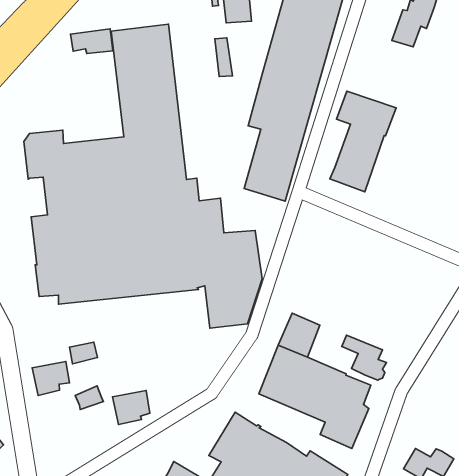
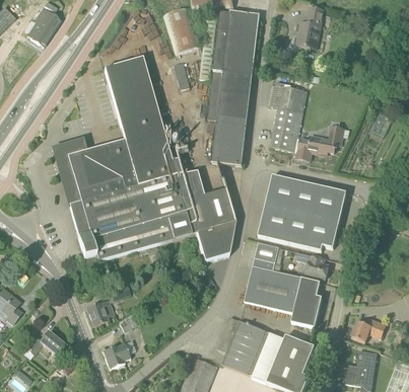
building: [70,29,113,53] -> none
building: none -> [296,126,344,160]
building: none -> [258,174,347,250]
building: [113,390,150,425] -> [103,342,130,369]

